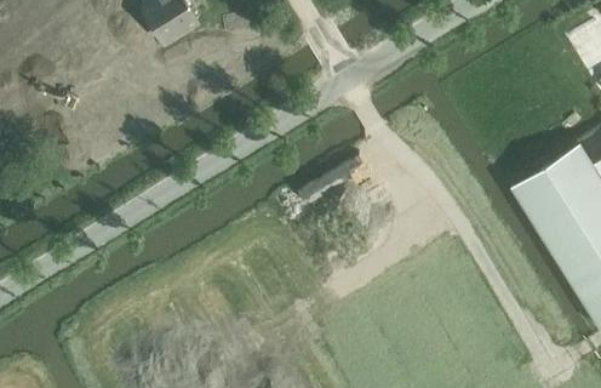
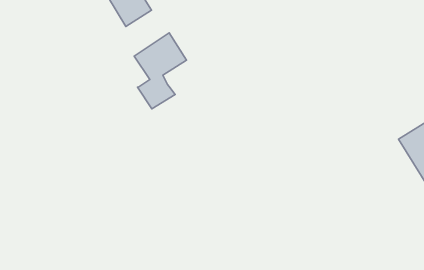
building: none -> [134,33,187,109]

